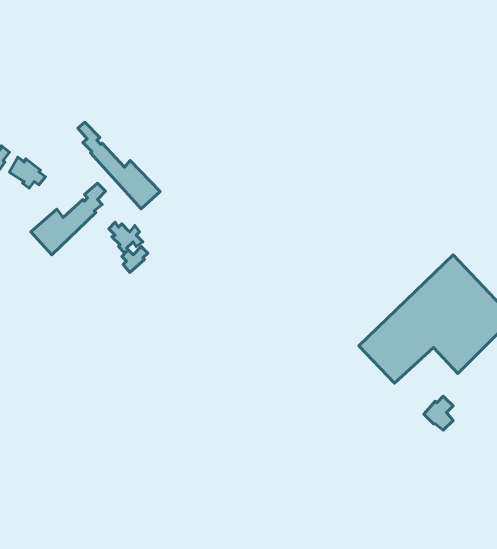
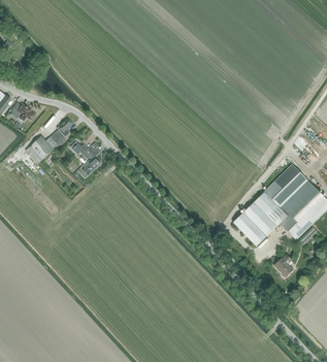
building: [78,122,160,209] -> none

